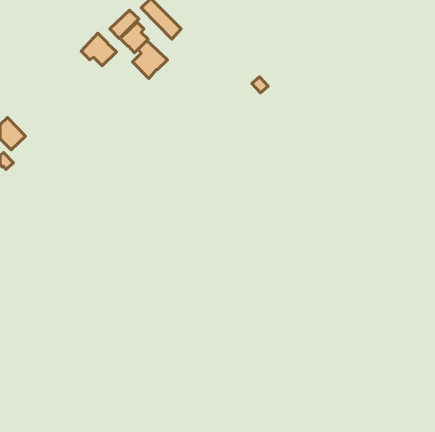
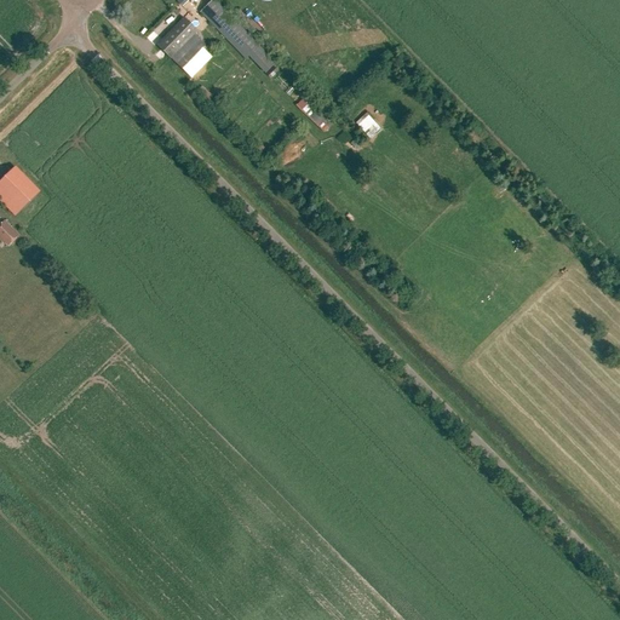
building: [81,33,116,66] -> none
building: [132,40,167,78] -> none

